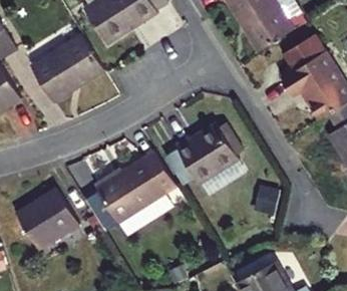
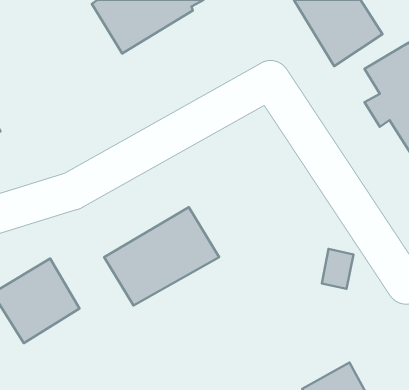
building: [35,34,108,99] -> none
building: [176,125,240,184] -> none

